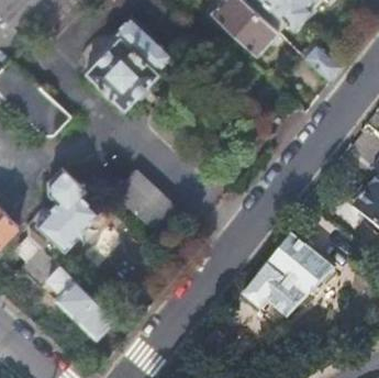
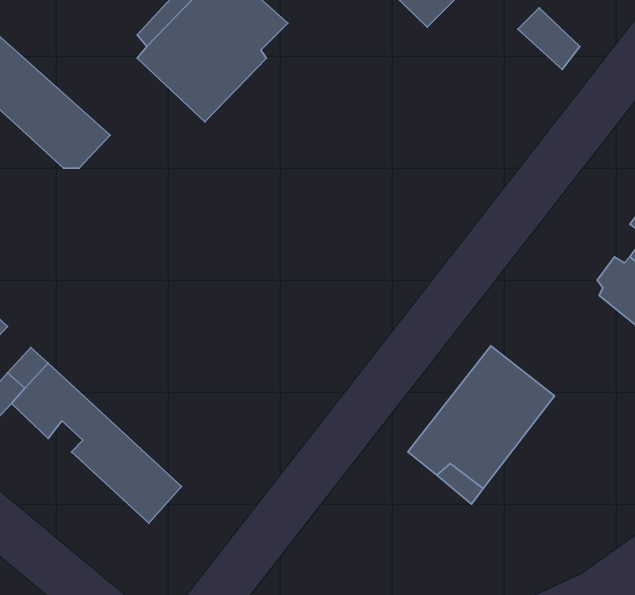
building: [34,163,100,248] -> none
building: [113,167,183,236] -> none

